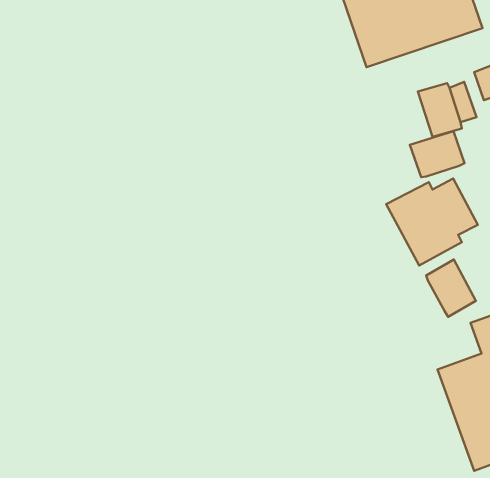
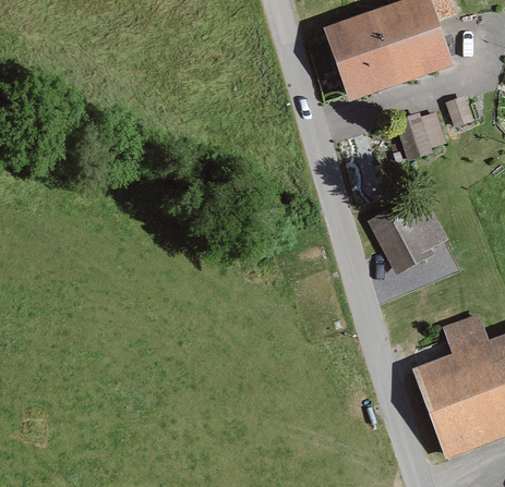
building: [410,131,465,177] -> none
building: [426,260,476,317] -> none

